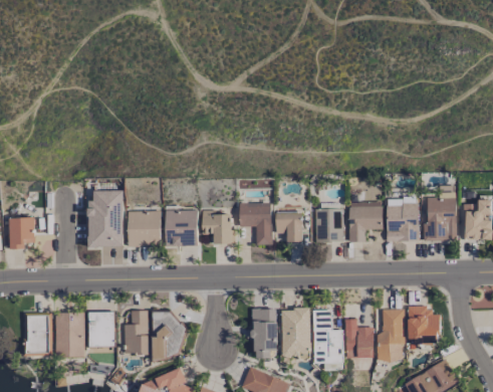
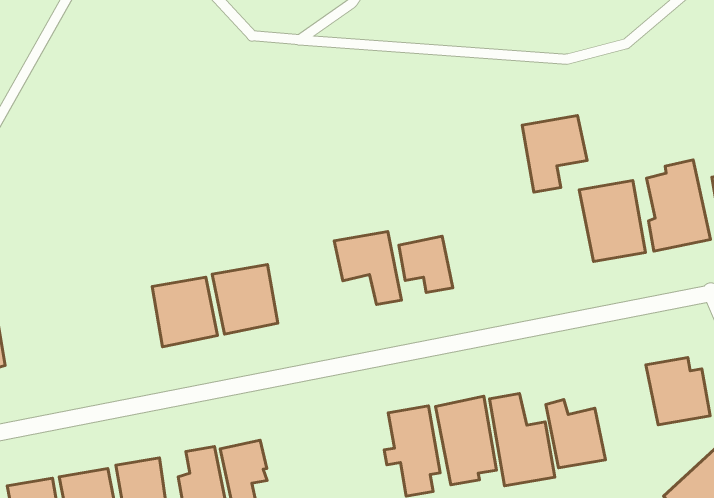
building: [88,191,124,246] -> none
building: [348,202,383,242] -> [522,115,587,192]
building: [314,209,342,242] -> none
building: [201,211,232,244] -> none
building: [377,309,404,361] -> none

